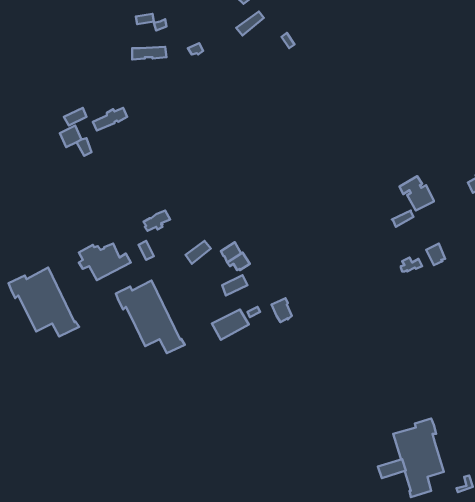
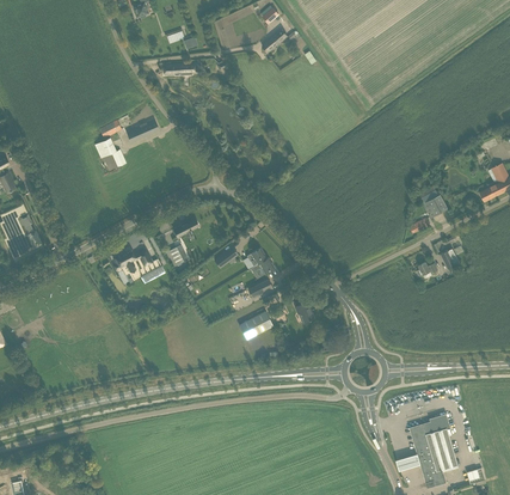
building: [9,268,79,337] -> none
building: [116,281,185,353] -> none

